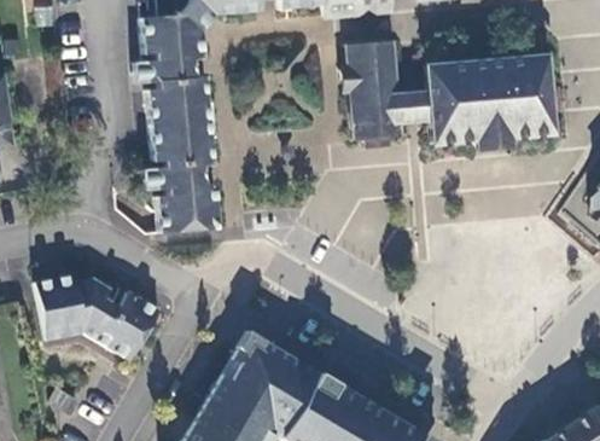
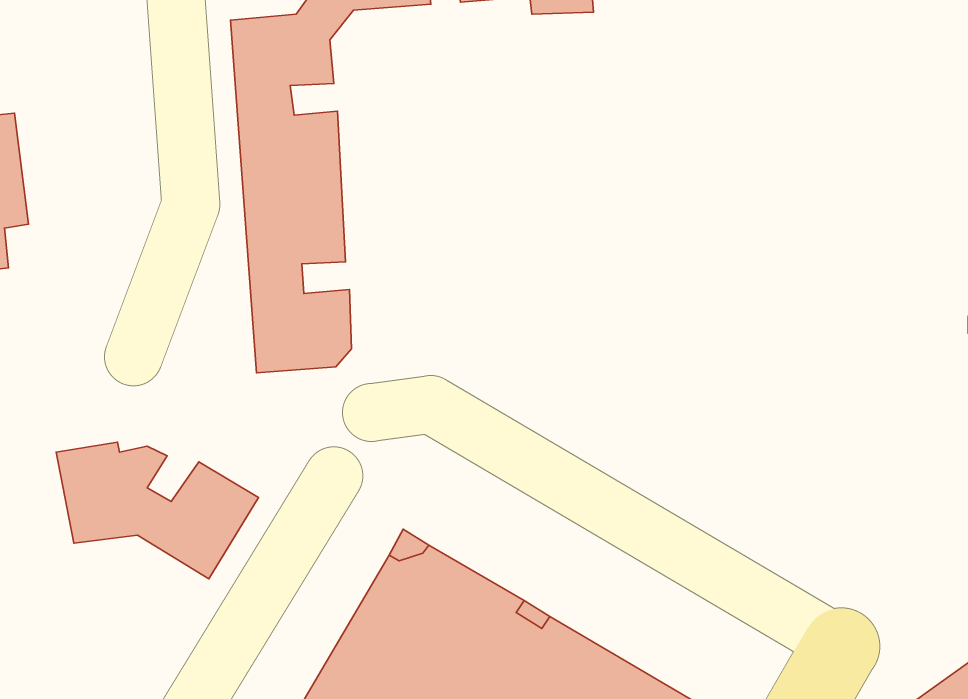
building: [342,42,553,152] -> none

